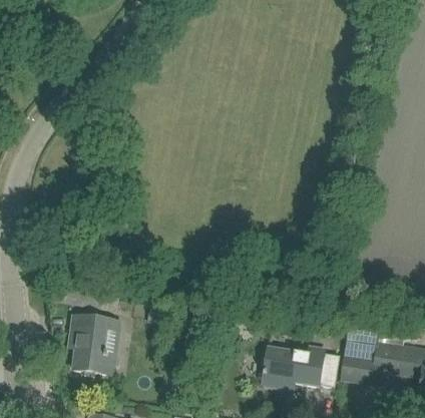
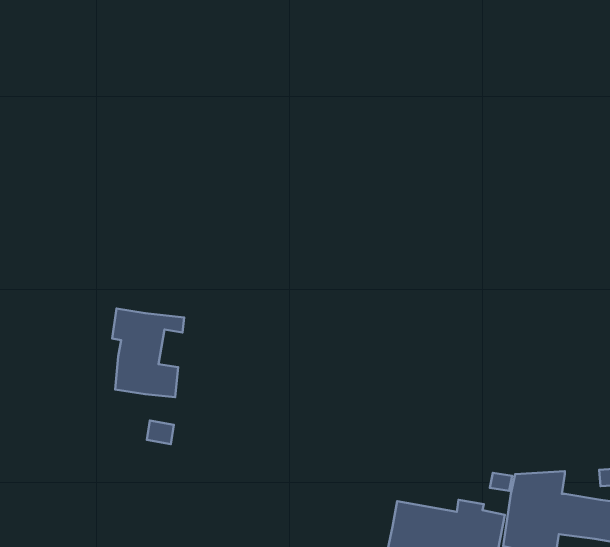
building: [71,315,119,374] -> [112,309,184,397]

